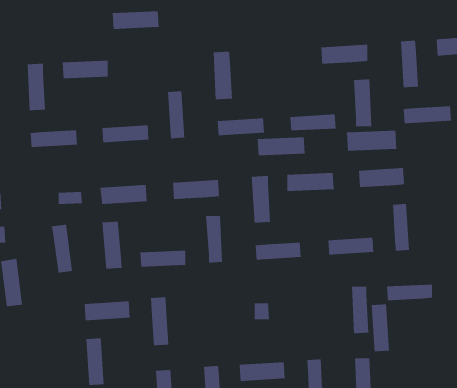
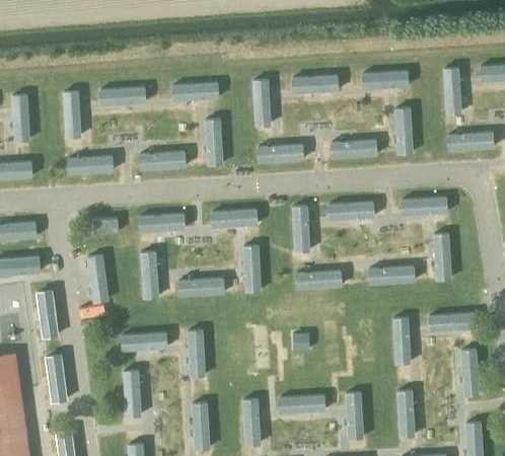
building: [112,11,159,30] -> [170,82,219,101]
building: [347,130,397,152] -> none
building: [257,137,306,156] -> [290,74,340,93]
building: [371,304,390,352] -> [461,348,481,396]
building: none -> [45,353,68,402]

